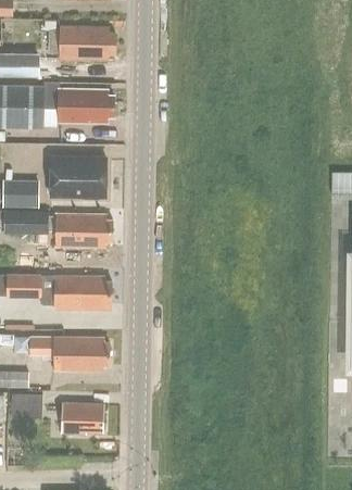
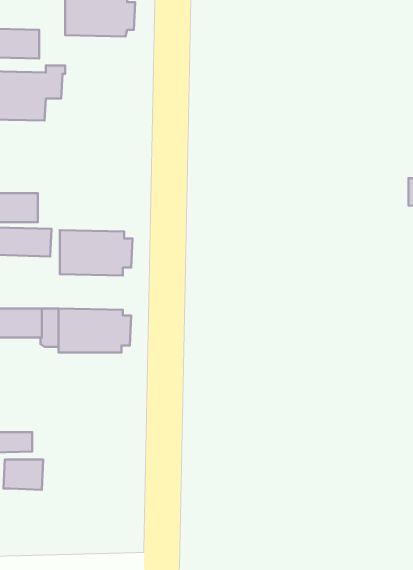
building: [55,89,113,123] -> none
building: [50,158,105,198] -> none
building: [16,338,109,370] -> none
building: [60,402,103,434] -> none

